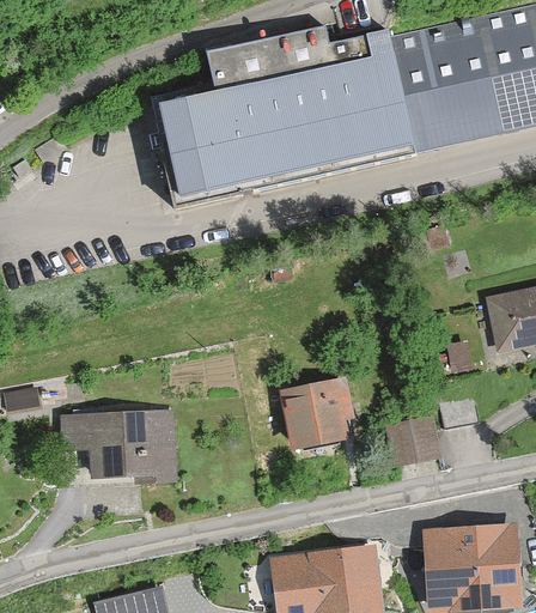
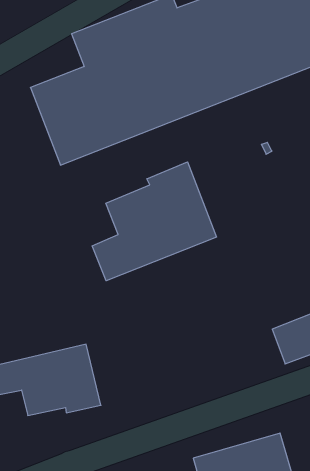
building: none -> [92,162,217,281]
building: [282,378,354,451] -> none

